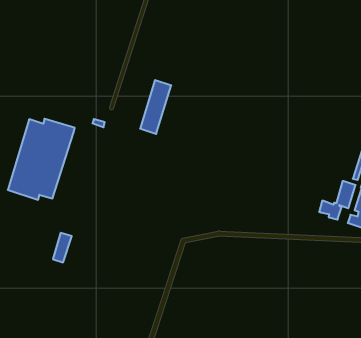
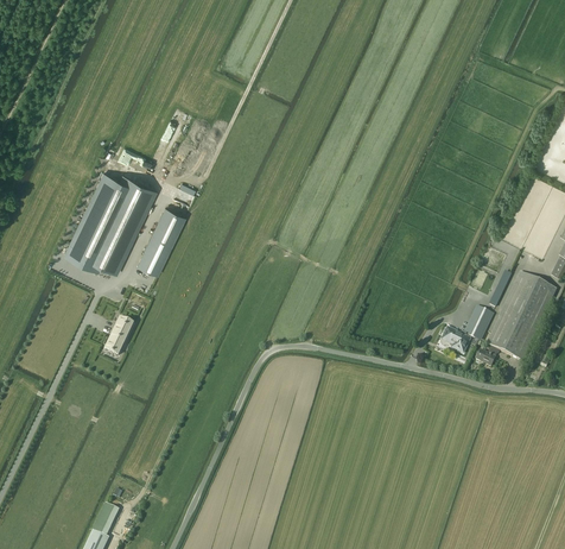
building: [140,80,171,134] -> [138,207,184,273]

